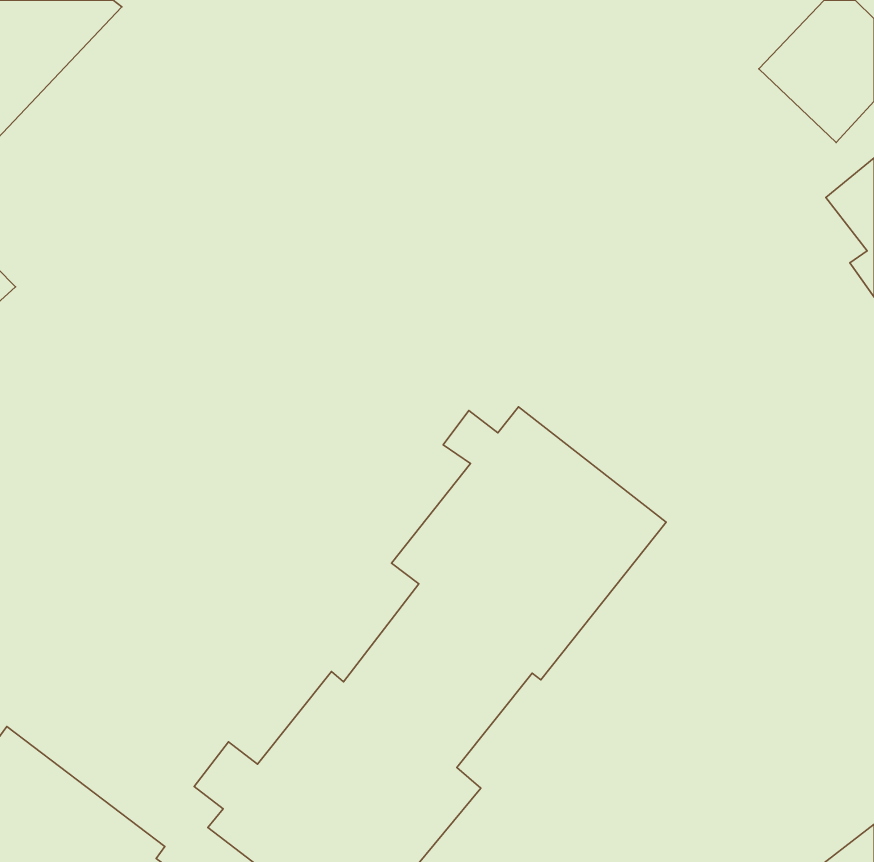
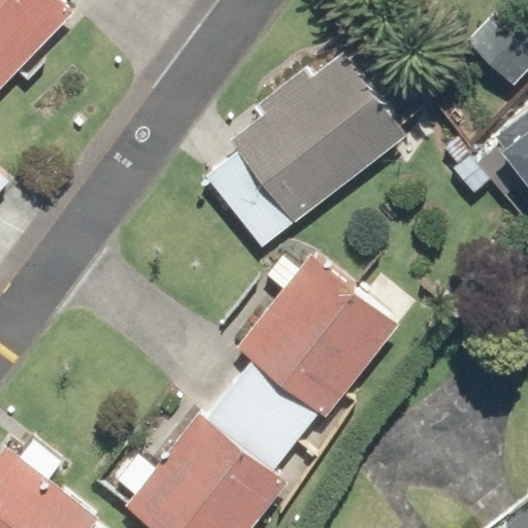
building: none -> [205,53,407,248]

